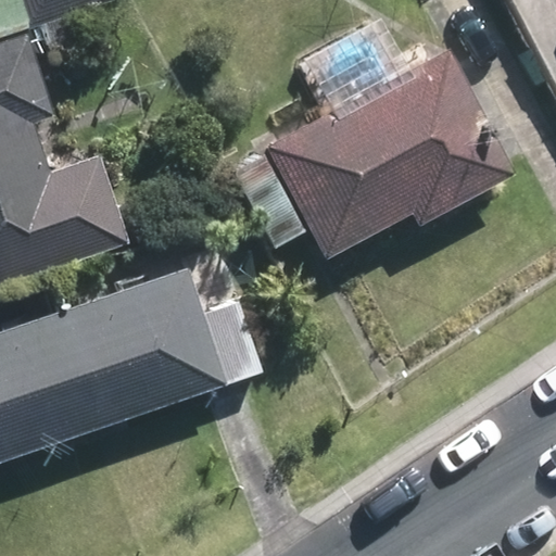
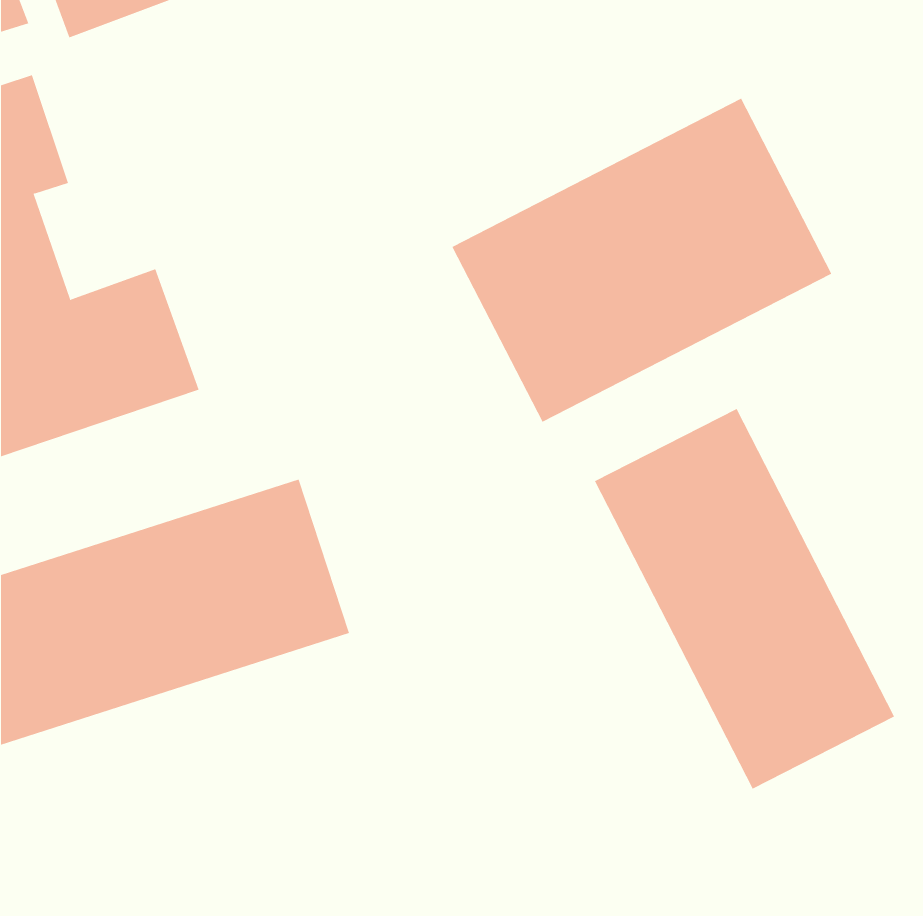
building: none -> [594,408,895,789]

